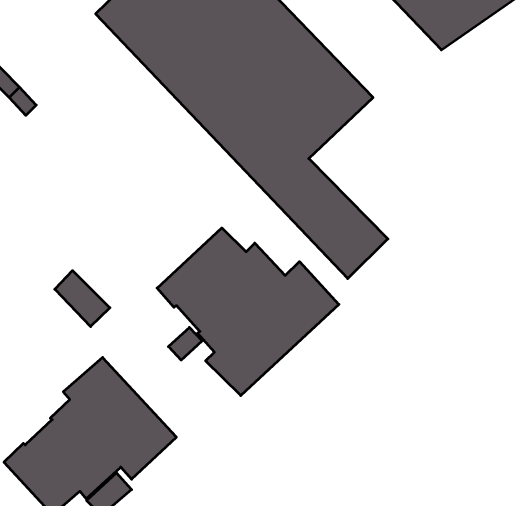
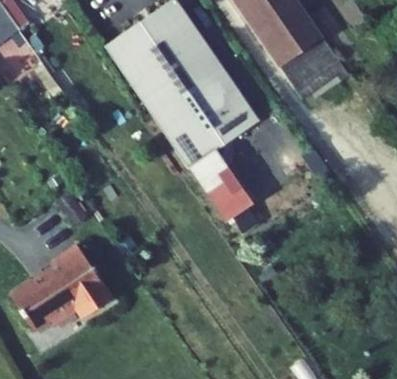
building: [157,228,339,396] -> none

